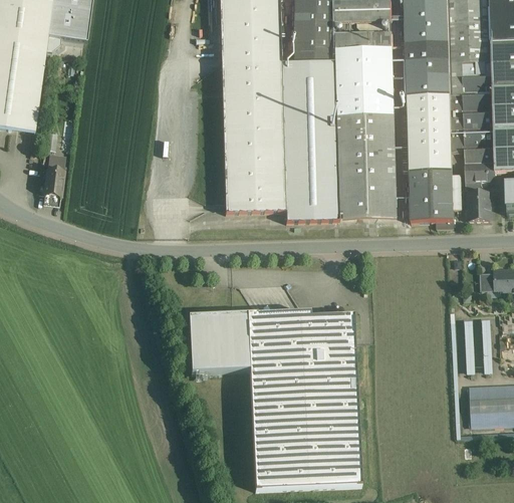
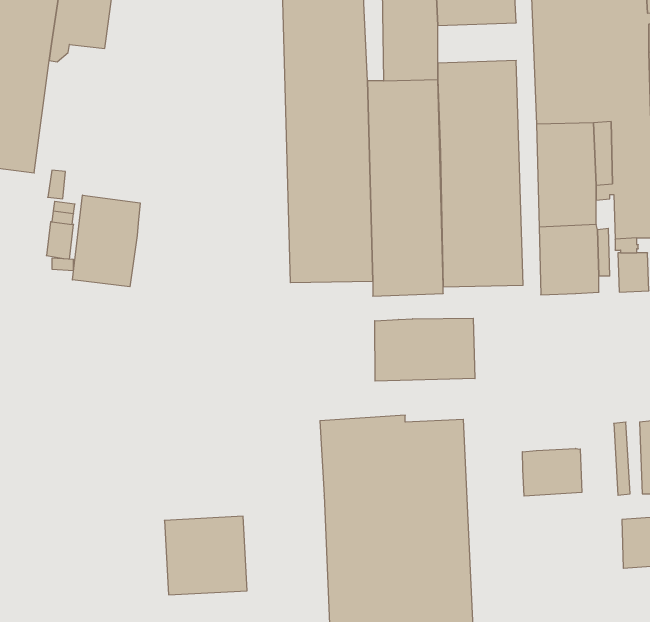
building: [334,31,393,49] -> none
building: none -> [72,195,140,287]
building: none -> [375,318,475,381]
building: [189,314,250,372] -> [164,516,247,595]
building: none -> [522,448,582,496]

